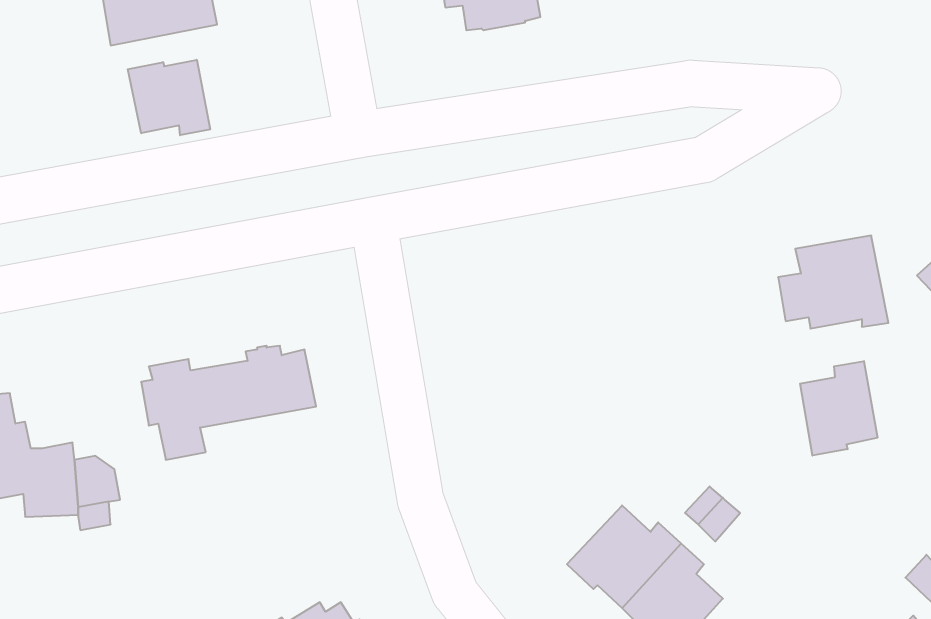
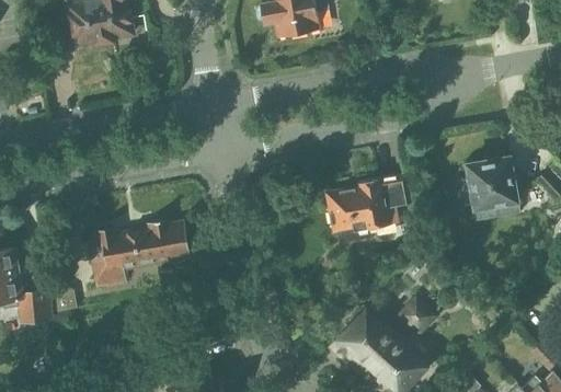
building: [128,60,210,135] -> none
building: none -> [328,172,411,244]
building: [800,361,877,456] -> none

